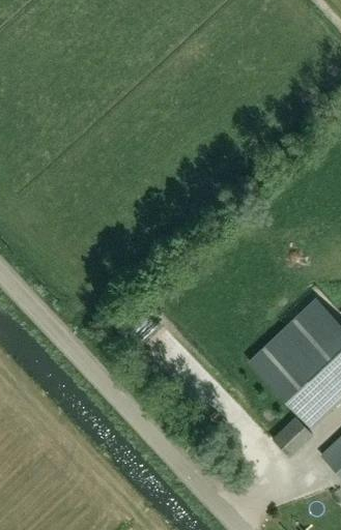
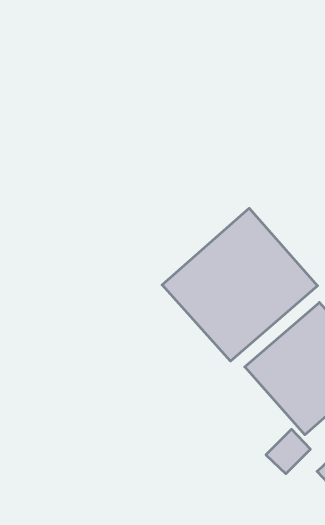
building: none -> [162,208,318,361]

